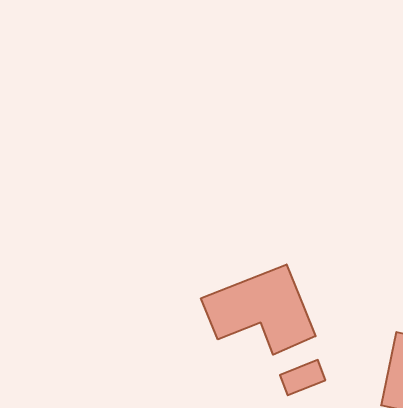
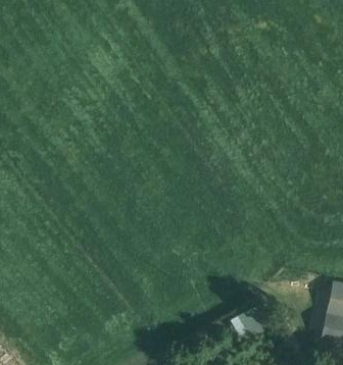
building: [201,264,316,355] -> none

